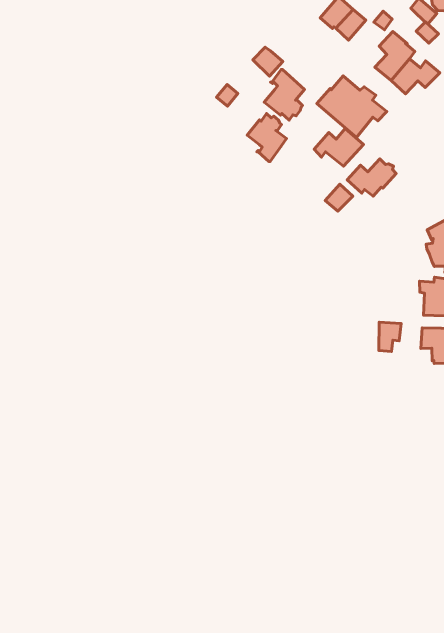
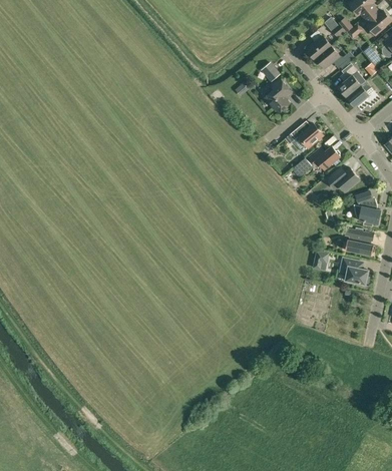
building: [317,76,387,137] -> none
building: [247,114,286,161] -> none
building: none -> [326,168,359,192]

